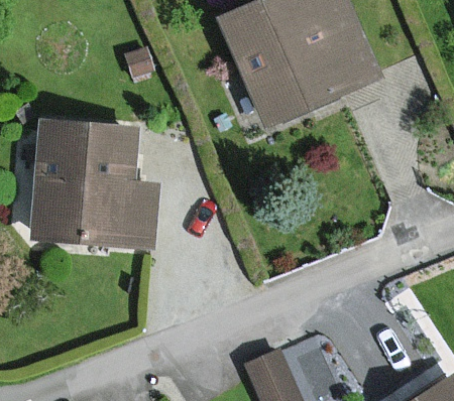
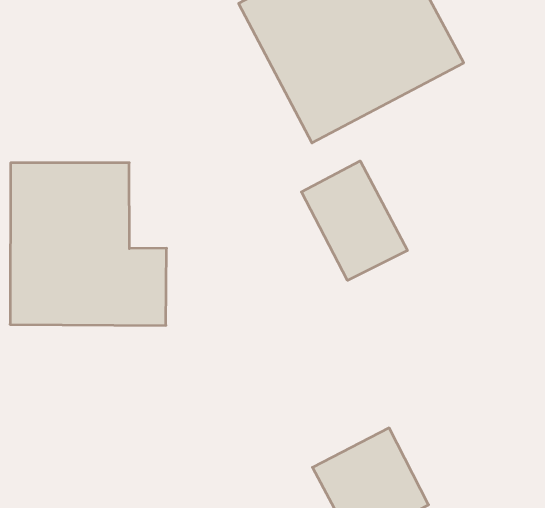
building: none -> [301,161,407,280]

